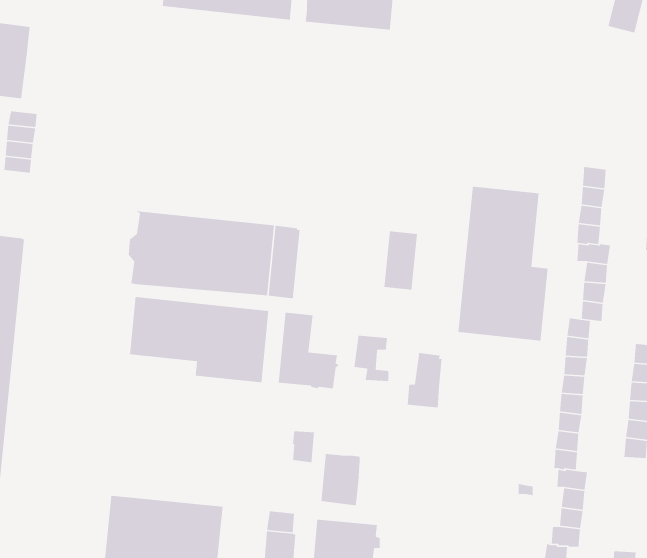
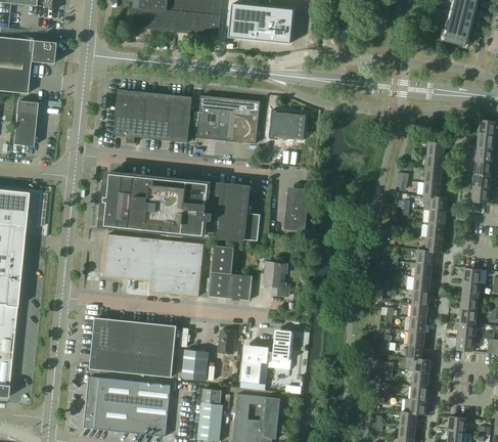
building: none -> [30,39,54,63]
building: none -> [112,88,191,142]
building: none -> [196,94,260,143]
building: none -> [269,109,304,139]
building: [457,186,548,341] -> none
building: none -> [220,184,260,240]
building: [407,352,443,408] -> [267,328,292,368]
building: none -> [89,316,176,375]
building: none -> [181,349,209,380]

